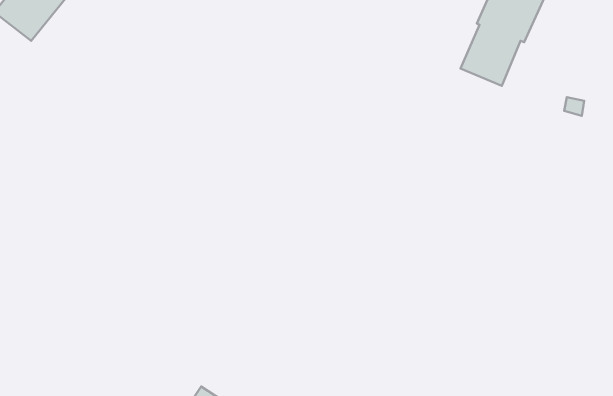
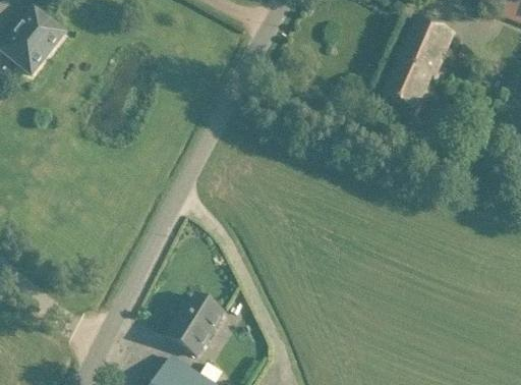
building: none -> [168,293,226,354]

